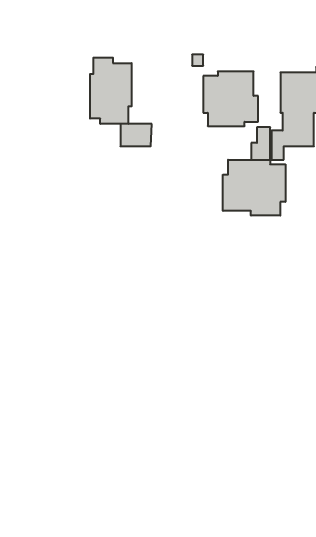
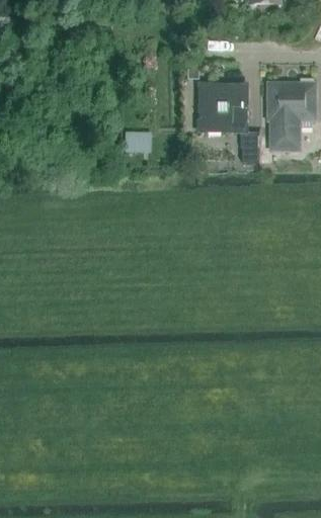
building: [90,58,132,124] -> none
building: [223,160,285,216] -> none

